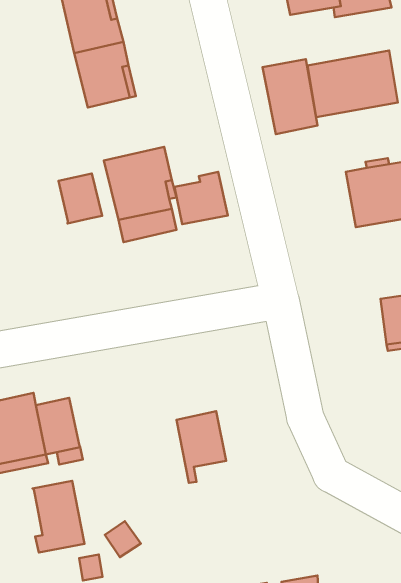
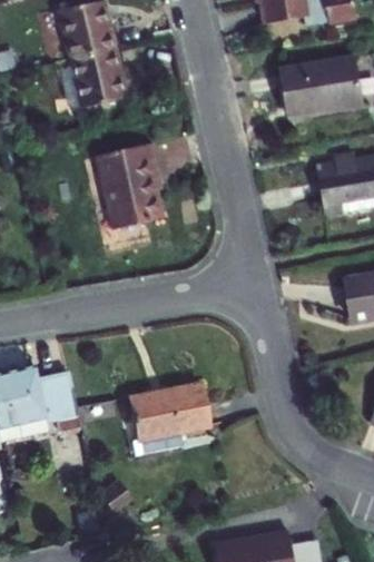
building: [263,59,318,134] -> none
building: [174,172,228,224] -> none
building: [59,174,102,223] -> none
building: [33,481,85,553] -> [126,390,173,454]

